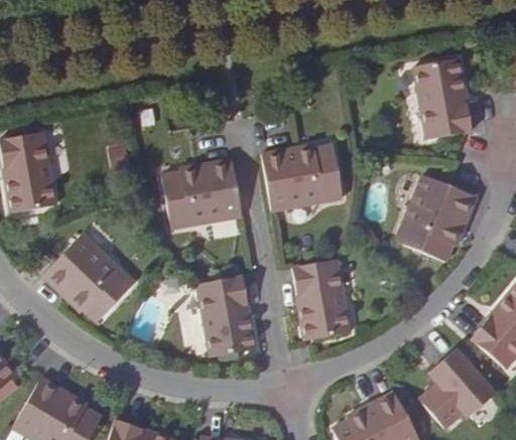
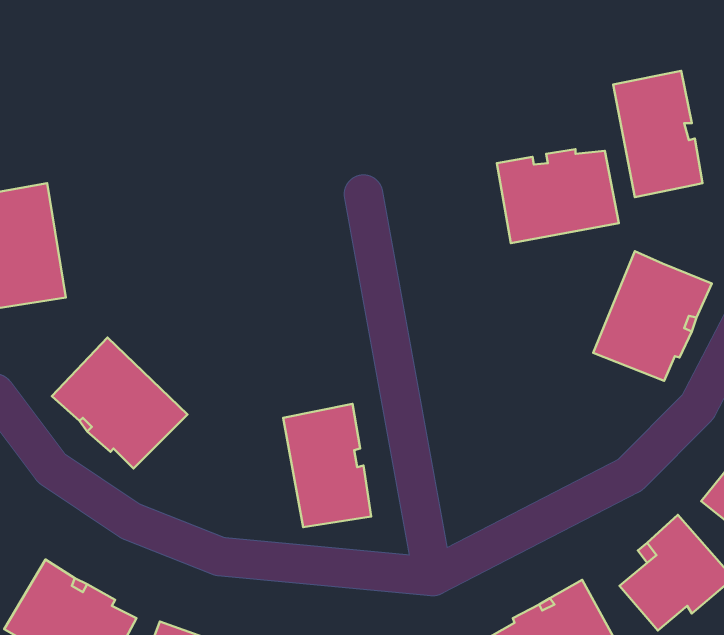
building: [262,146,342,207] -> [497,149,619,243]
building: [161,161,242,224] -> none
building: [292,260,350,340] -> none

